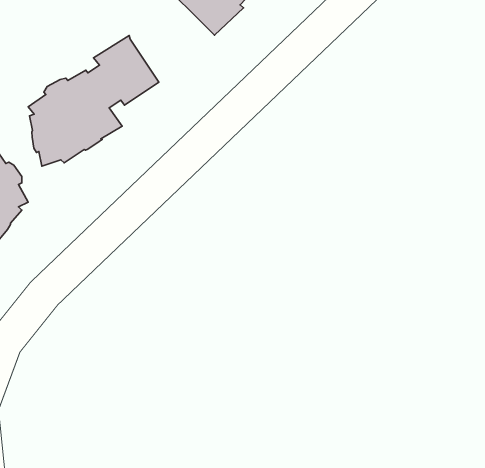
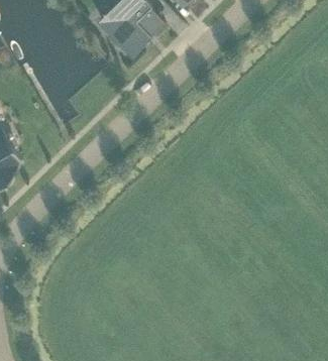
building: [28,35,159,166] -> none

